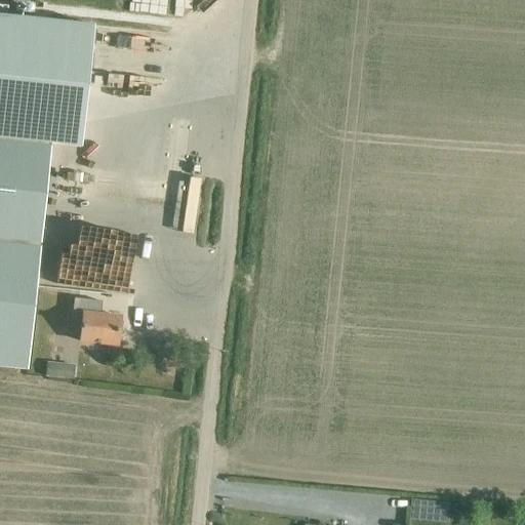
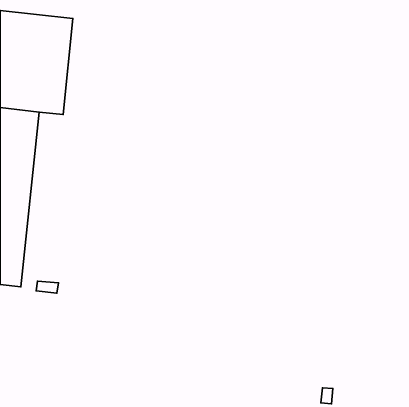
building: [70,297,120,344] -> none

